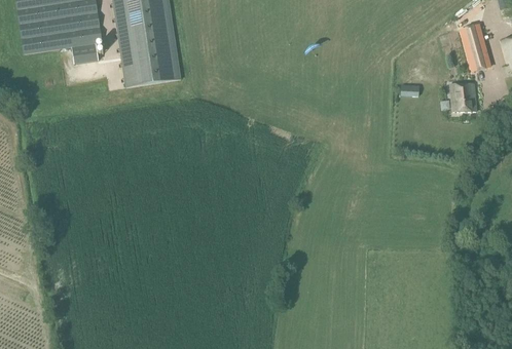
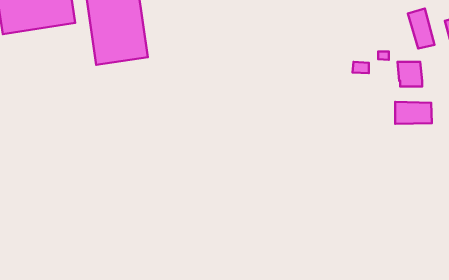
building: [71,43,98,65] -> none
building: none -> [395,102,432,124]

